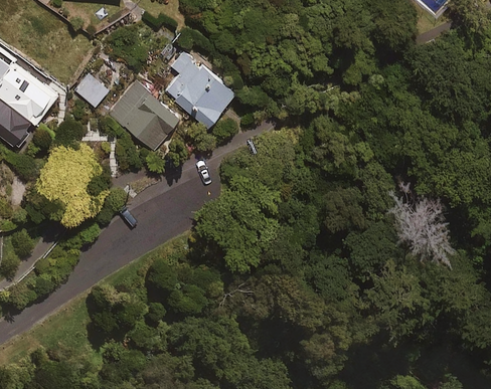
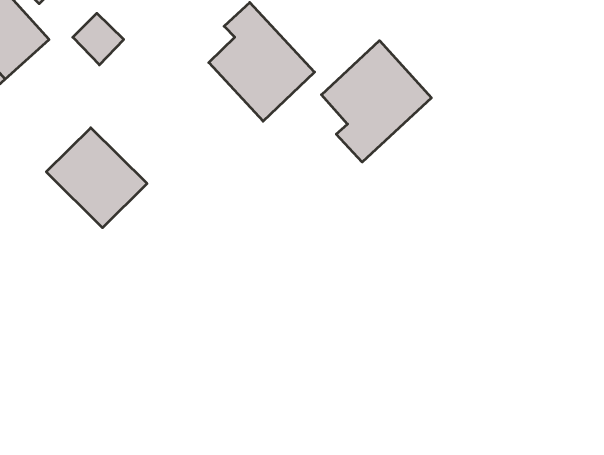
building: none -> [321,41,431,162]
building: [111,84,177,148] -> [46,128,147,228]

